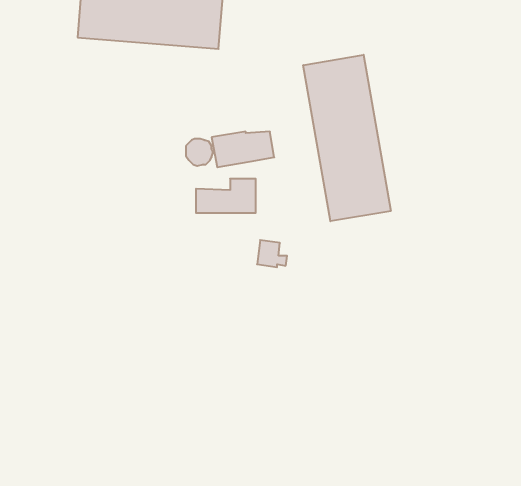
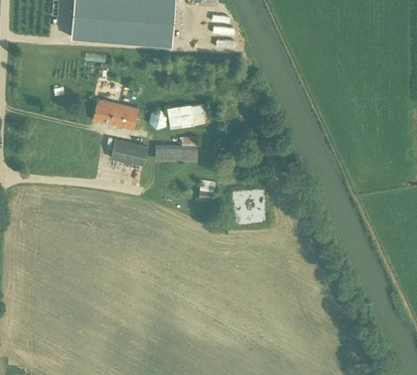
building: [303,55,391,221] -> none
building: none -> [92,100,138,130]
building: none -> [111,140,147,166]

